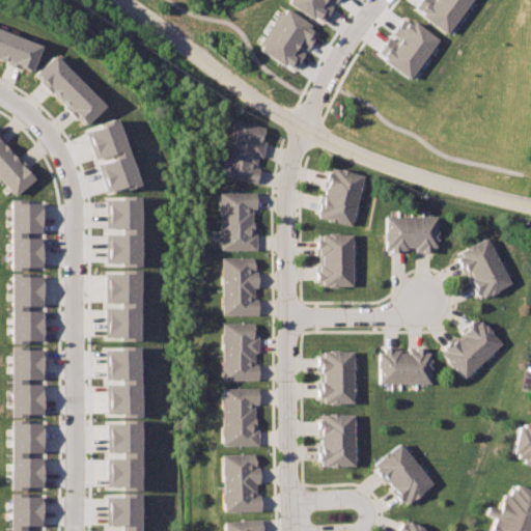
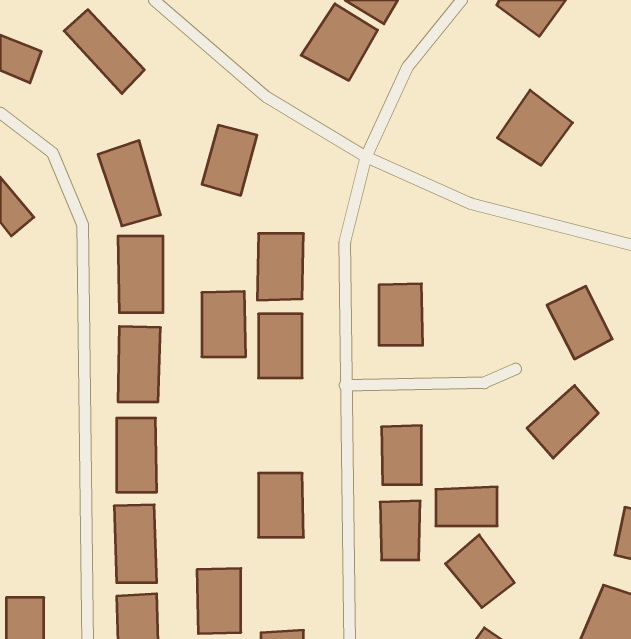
building: [385,12,447,75] -> [497,90,573,165]
building: [39,57,106,127] -> [64,10,144,94]
building: [226,125,272,184] -> [202,125,257,195]
building: [324,171,368,225] -> none
building: [15,200,47,264] -> none
building: [388,218,442,251] -> none
building: [18,275,48,338] -> none
building: [222,327,258,381] -> [202,291,246,357]
building: [17,346,47,412] -> none
building: [383,352,434,384] -> [436,487,497,526]
building: [17,420,45,484] -> none
building: [222,457,258,511] -> [197,568,241,634]

